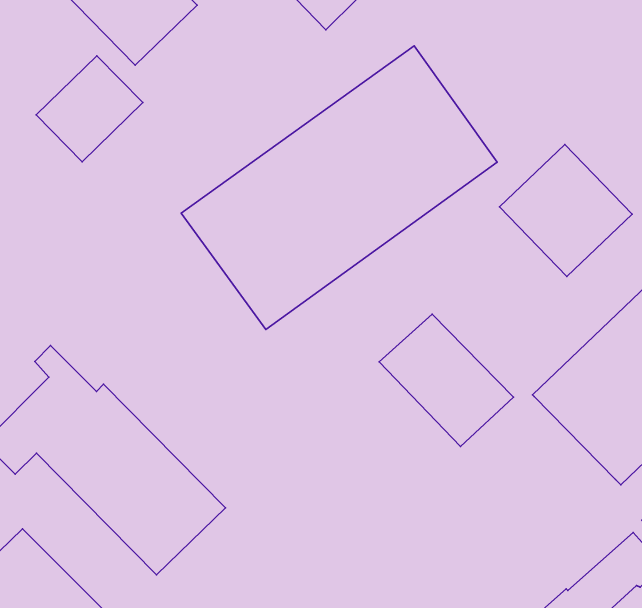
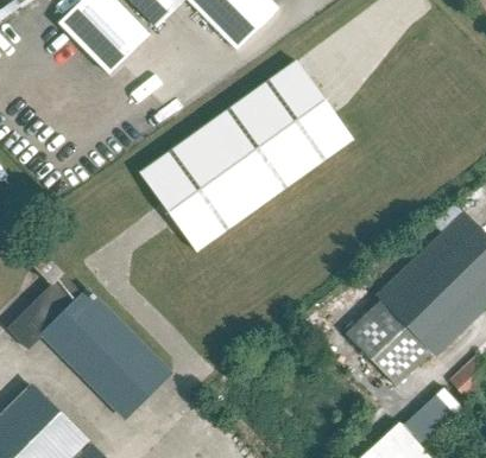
building: [36,56,143,162] -> none
building: [499,144,632,277] -> none
building: [379,314,513,446] -> [341,297,431,386]

